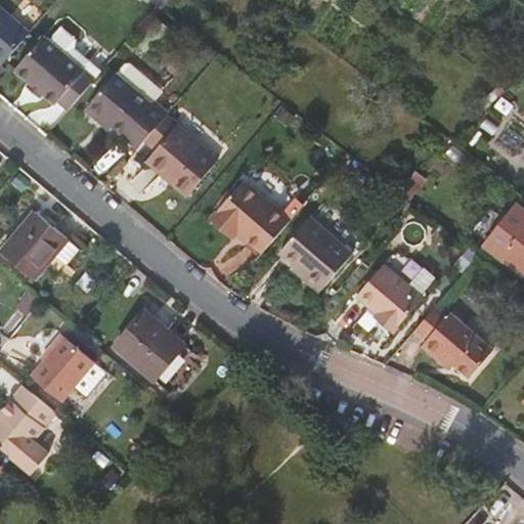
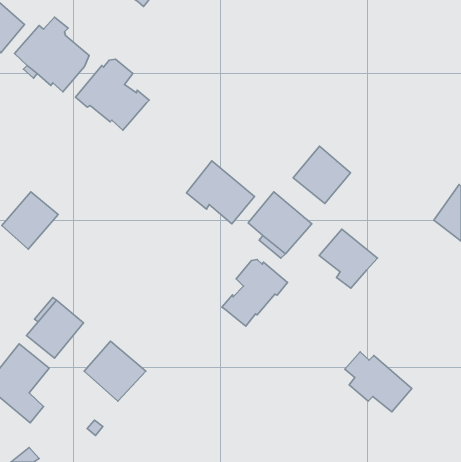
building: [145,116,217,198] -> none
building: none -> [293,146,351,204]
building: none -> [222,259,288,326]
building: [411,310,487,378] -> [345,352,412,412]
building: [115,315,184,383] -> [84,341,146,401]

